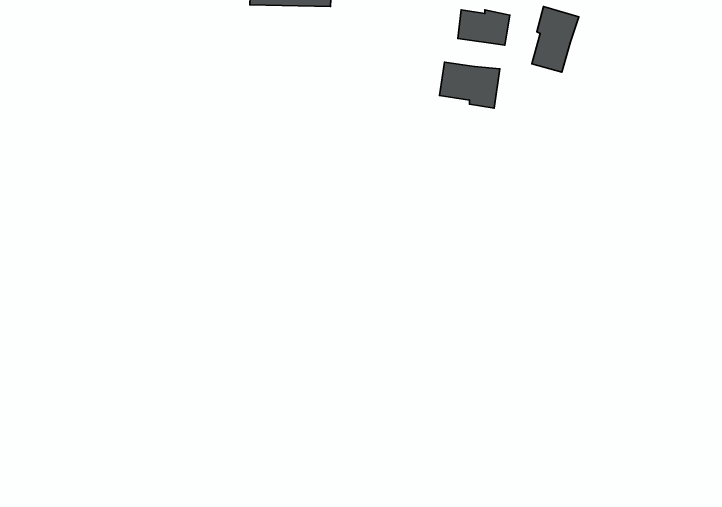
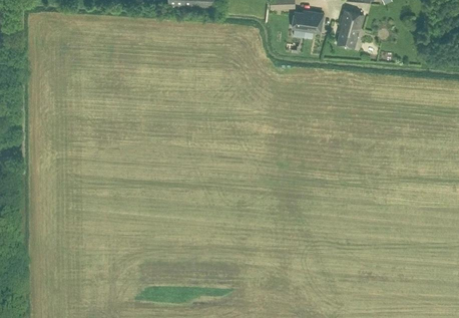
building: [440,62,500,108] -> none

